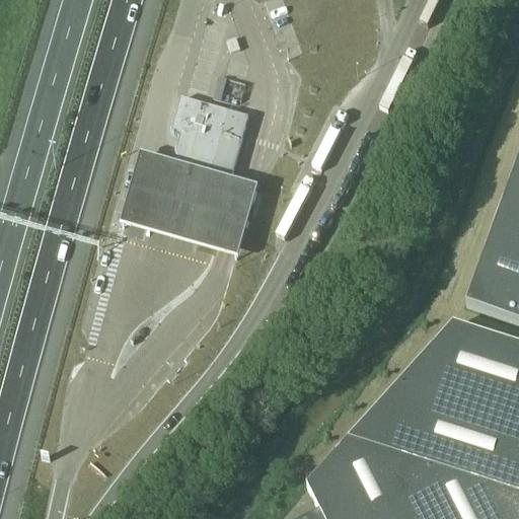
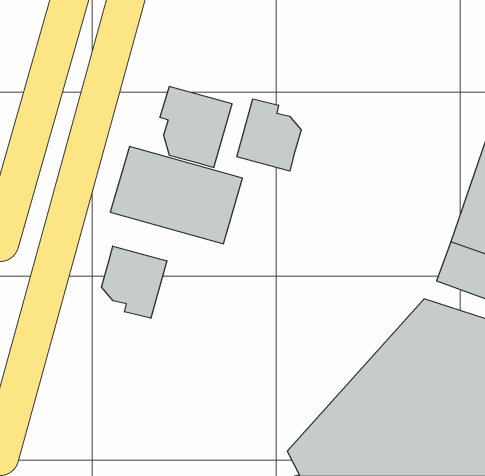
building: none -> [237,99,301,171]
building: none -> [101,246,167,318]

